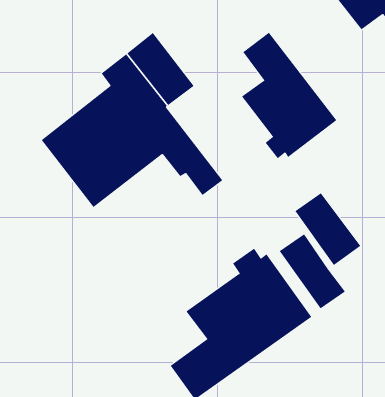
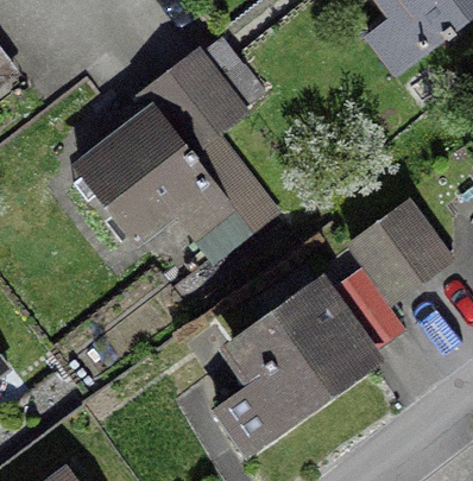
building: [241,32,337,159] -> none

